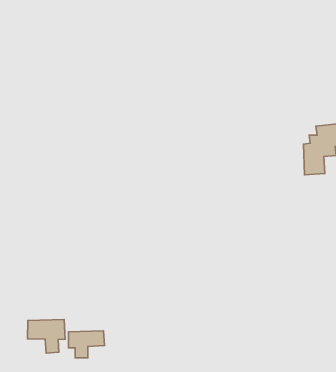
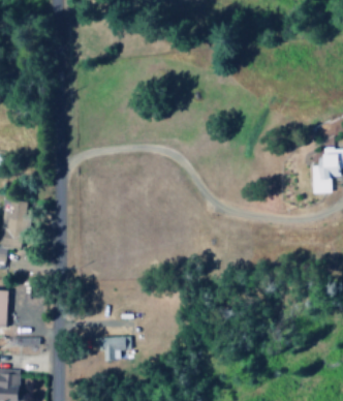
building: [28,319,65,353] -> none

